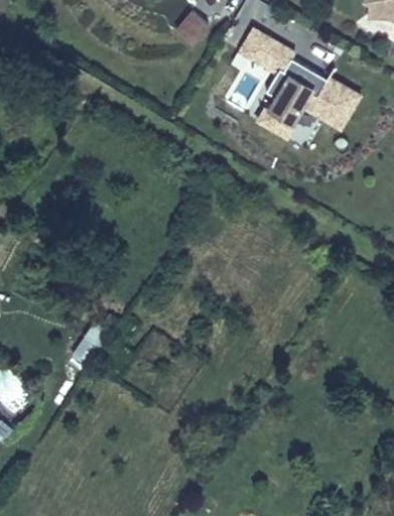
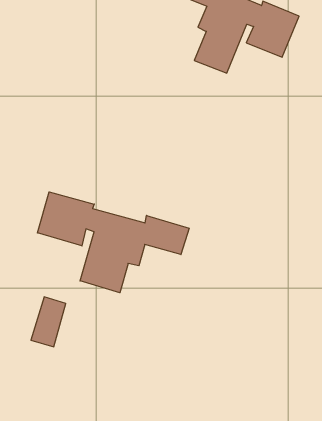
building: none -> [37,192,189,293]

